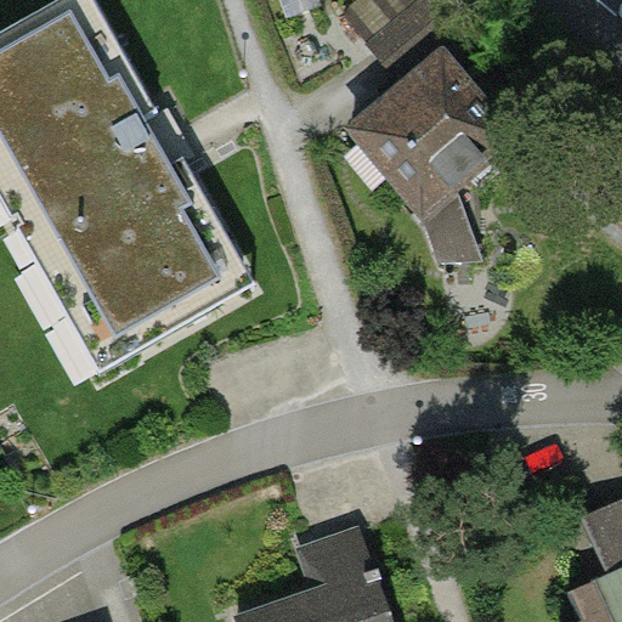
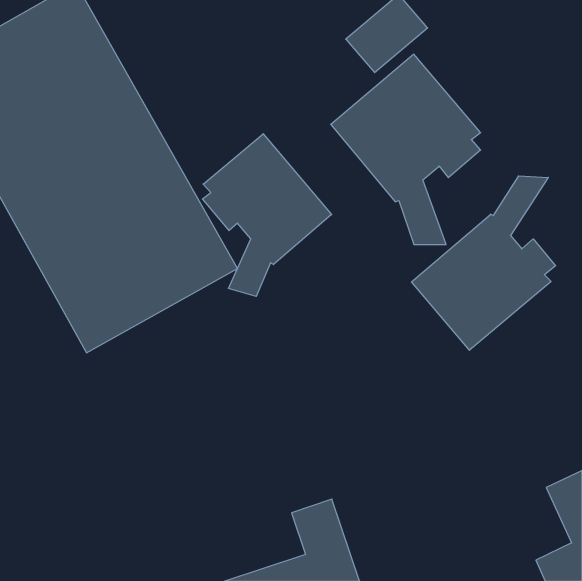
building: none -> [202,134,332,296]
building: none -> [412,176,556,350]

